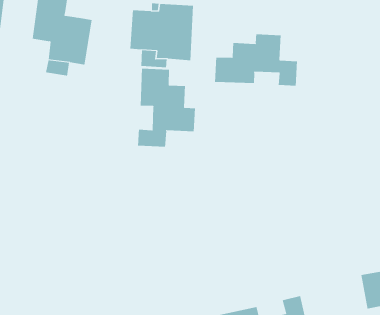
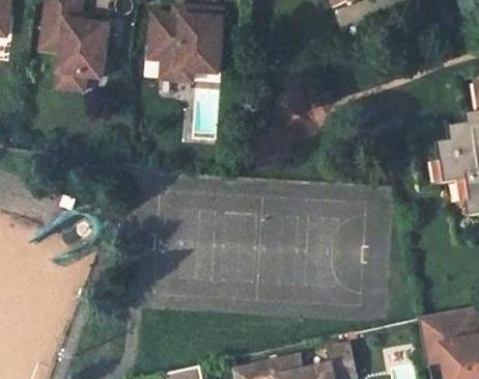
building: [215,33,297,87] -> none
building: [137,68,196,148] -> none

